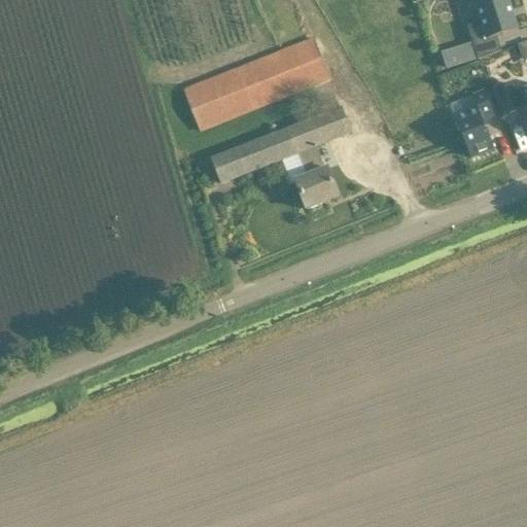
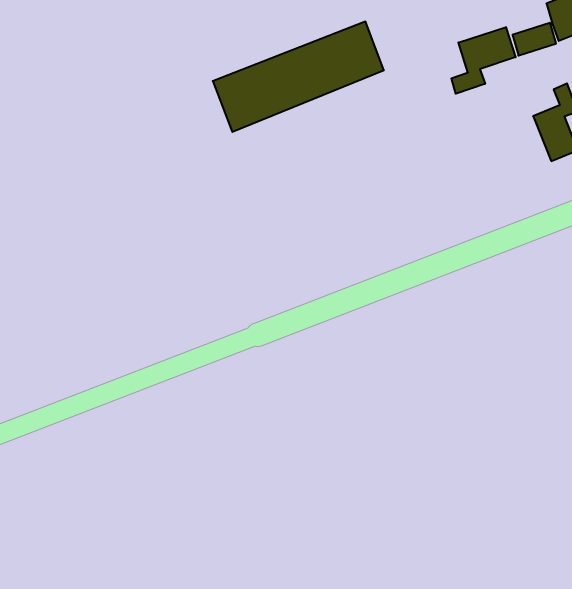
building: none -> [451,27,516,94]
building: [210,105,351,208] -> none

